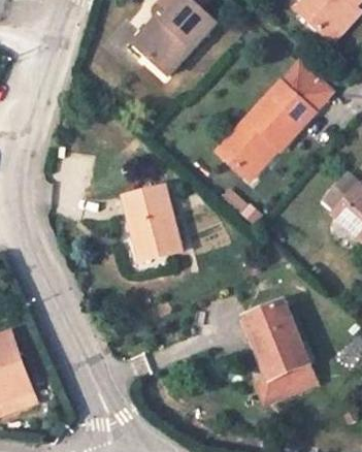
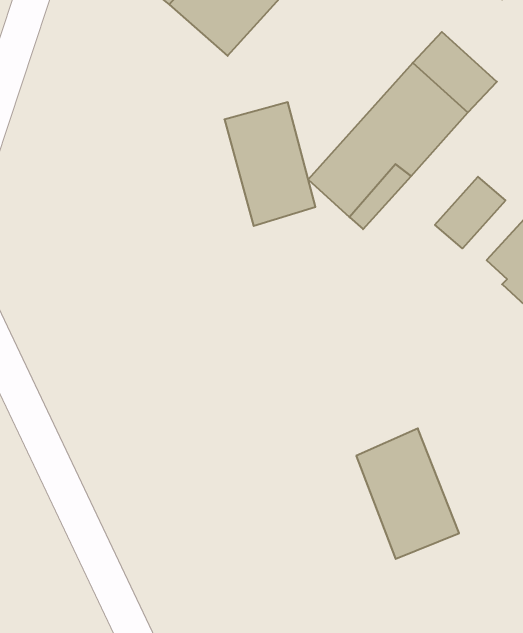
building: none -> [435,177,505,248]
building: [124,186,178,260] -> [224,102,315,226]
building: [254,363,317,406] -> none

